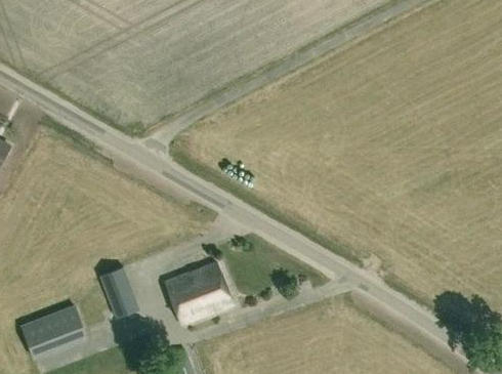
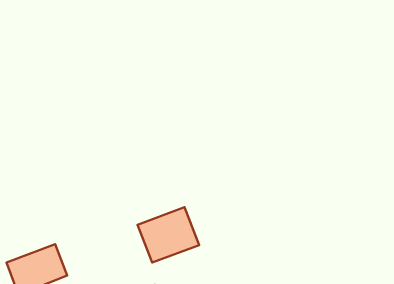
building: [100,267,139,318] -> none

